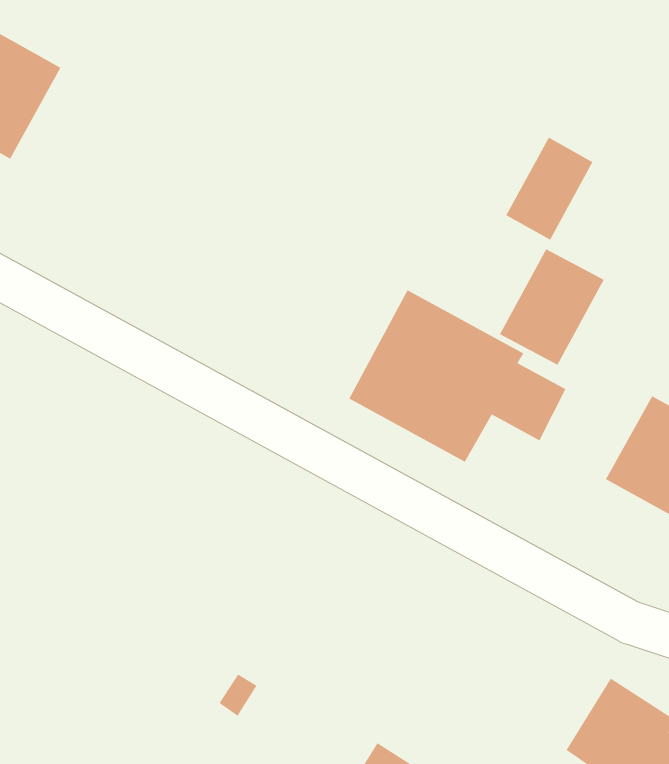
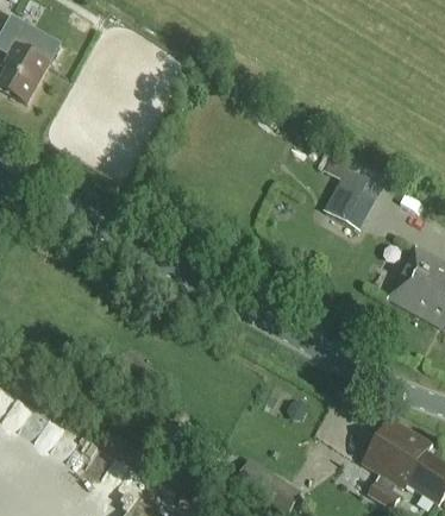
building: [505,137,593,241] -> none
building: [348,289,566,463] -> none

